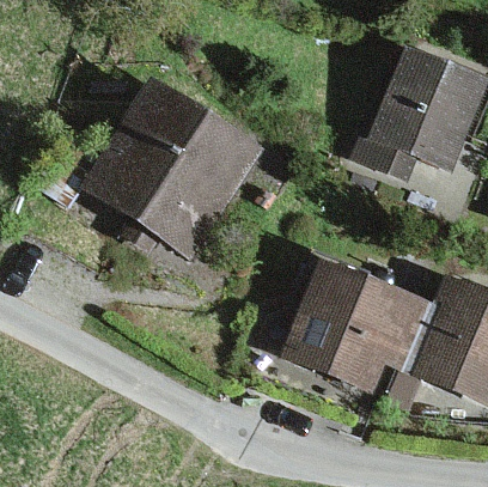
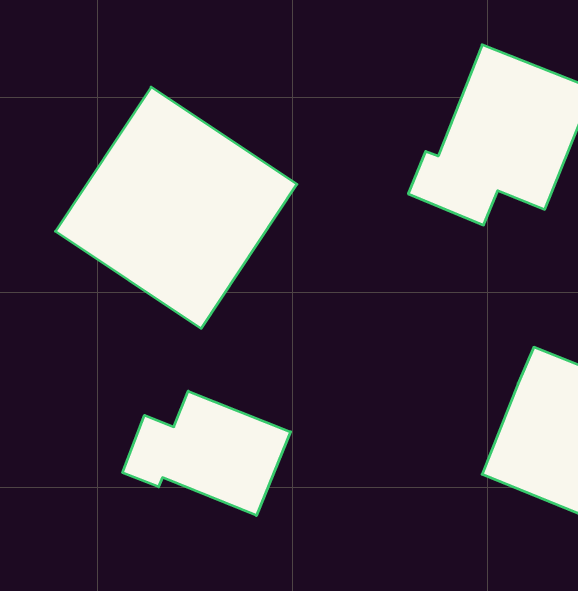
building: [281,257,433,394] -> none
building: none -> [123,391,291,516]

